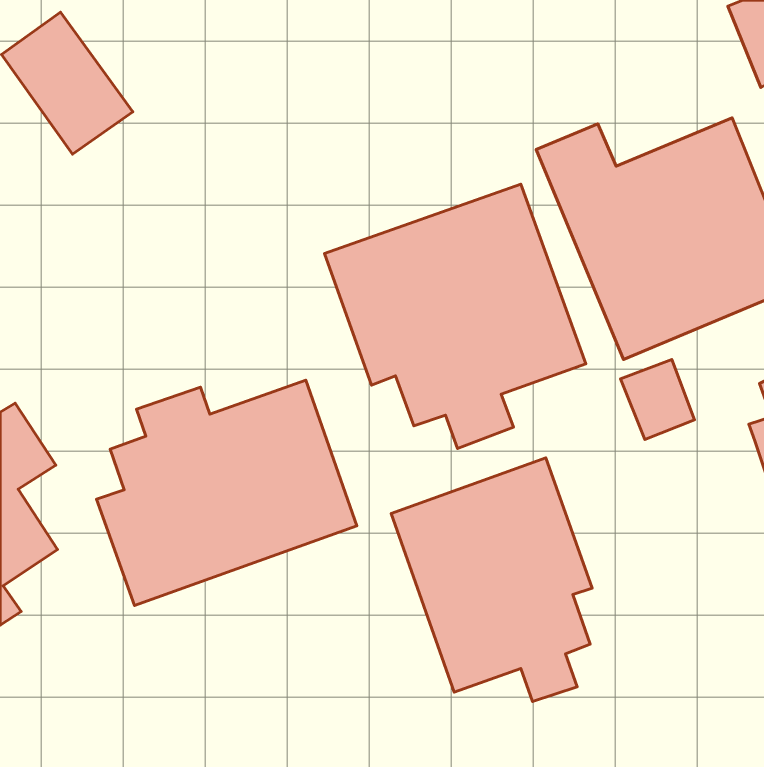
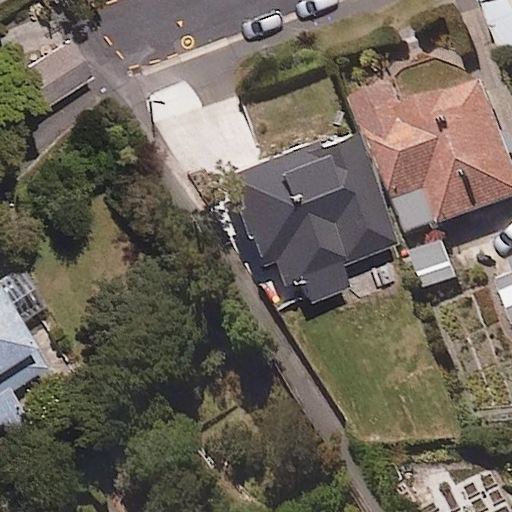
building: [97,380,357,605] -> none
building: [391,458,592,702] -> none

